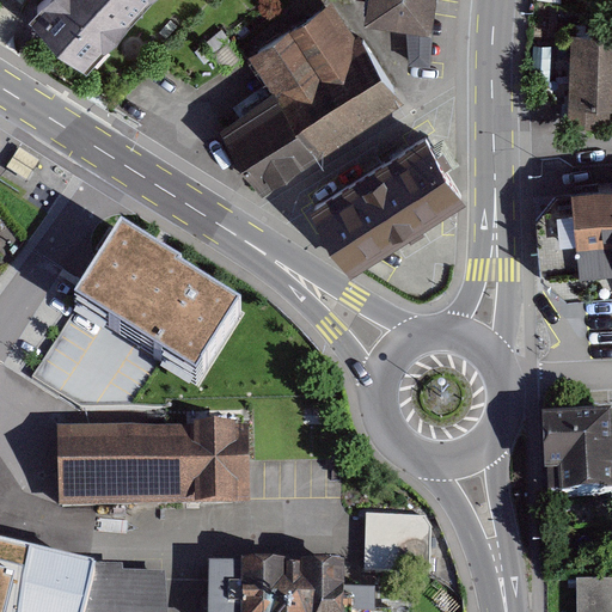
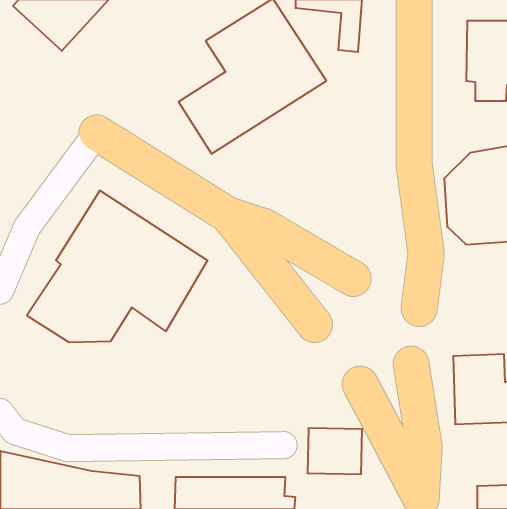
building: [316,130,470,264] -> none
building: [59,432,244,507] -> none

